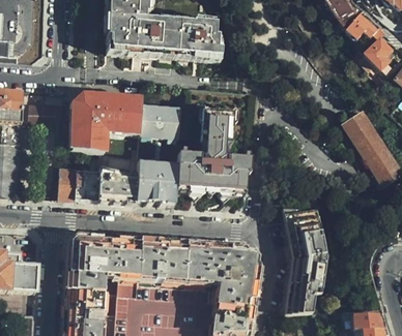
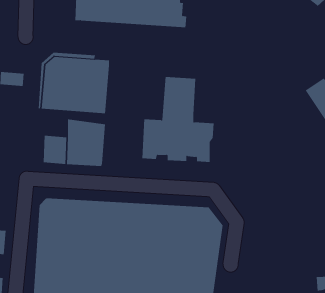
building: [136,99,181,202] -> none
building: [59,170,76,198] -> none
building: [282,206,325,315] -> none

